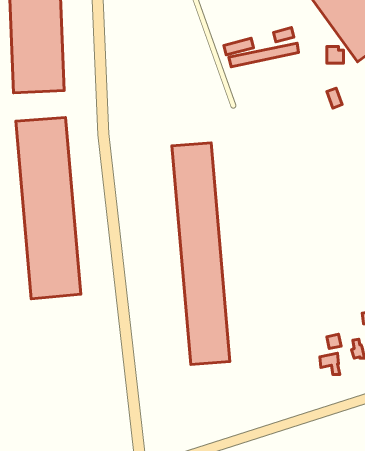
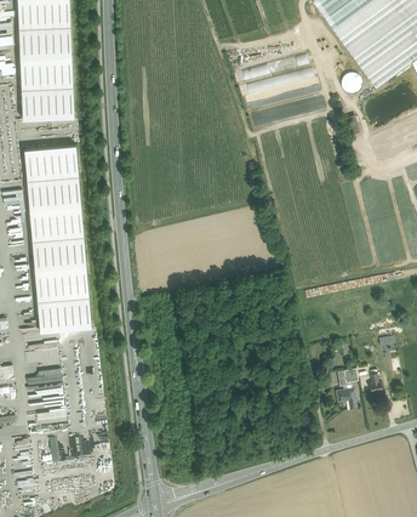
building: [172,143,230,364] -> none

